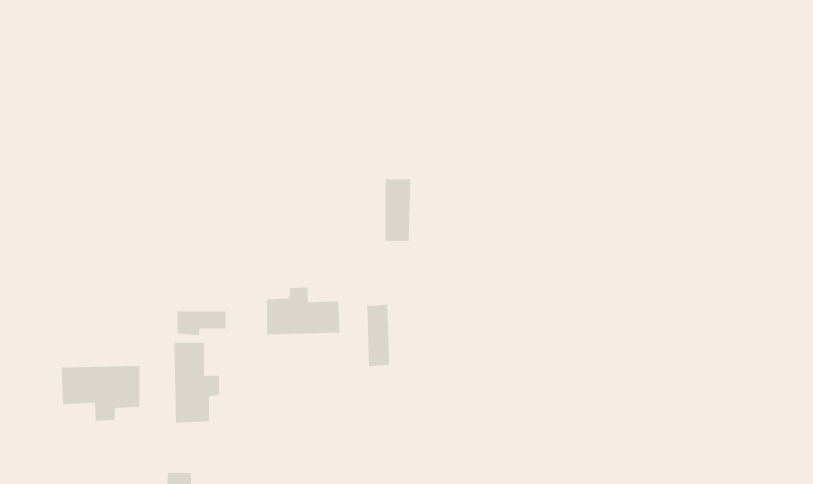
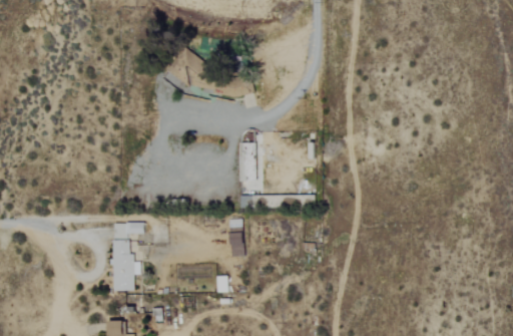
building: [266,287,340,335] -> none
building: [61,365,140,421] -> none

